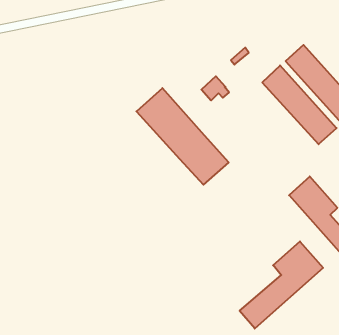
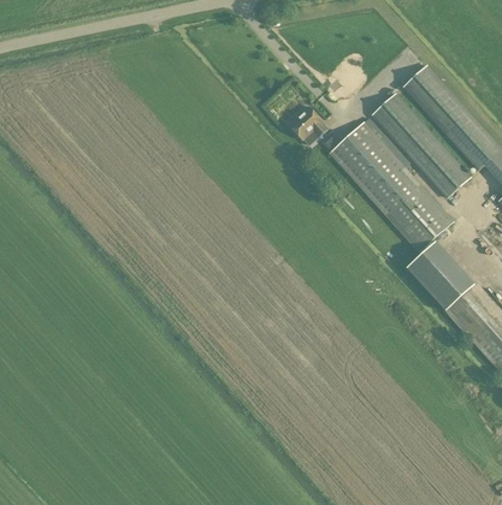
building: [136,88,229,185] -> [330,120,454,250]
building: [240,241,323,329] -> none

